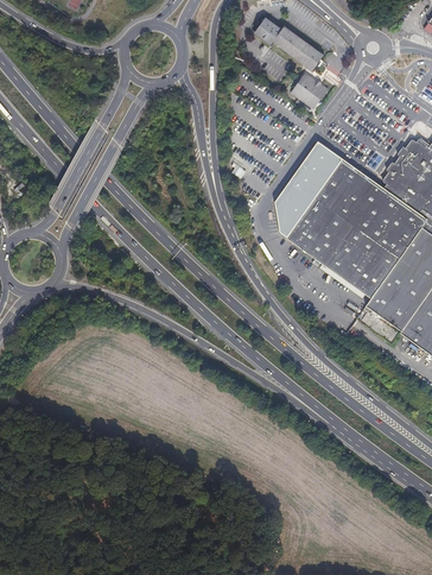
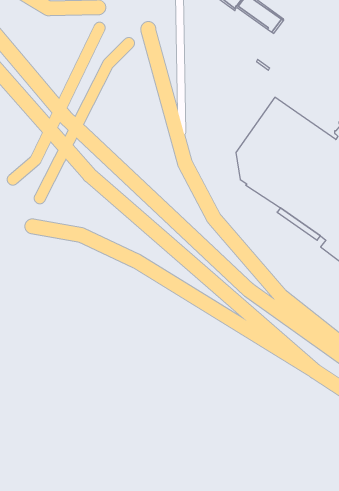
building: [292,72,330,108] -> none

